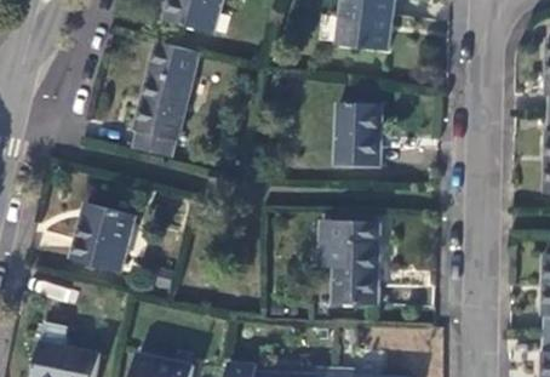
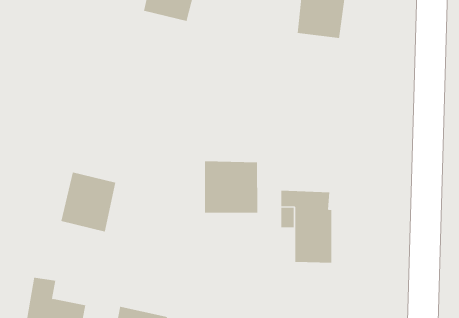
building: [131,45,199,158] -> none
building: [337,103,380,165] -> none
building: none -> [204,161,258,214]

